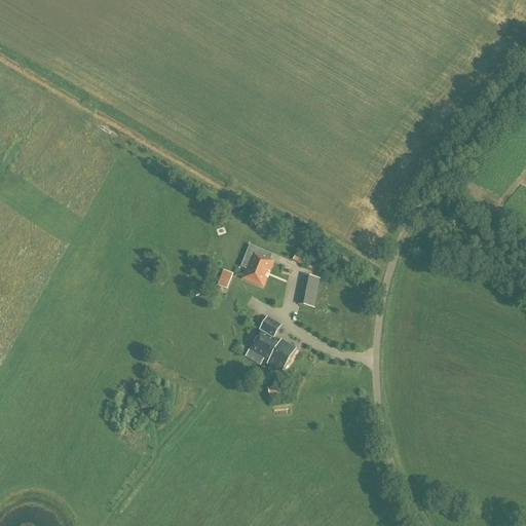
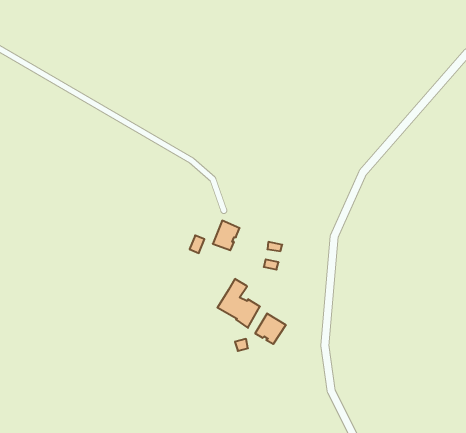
building: none -> [255,313,286,344]

